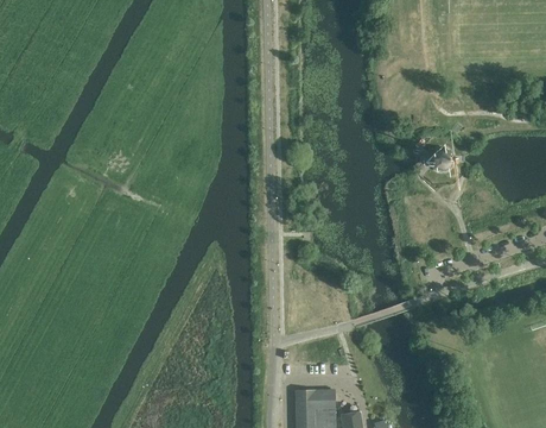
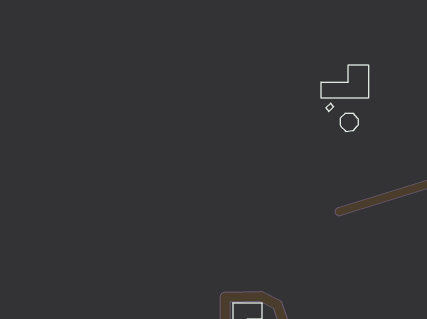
building: none -> [321,65,368,98]

